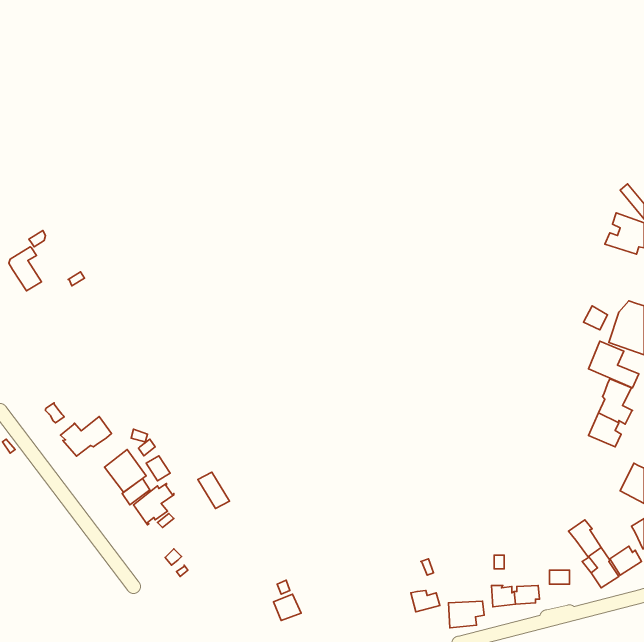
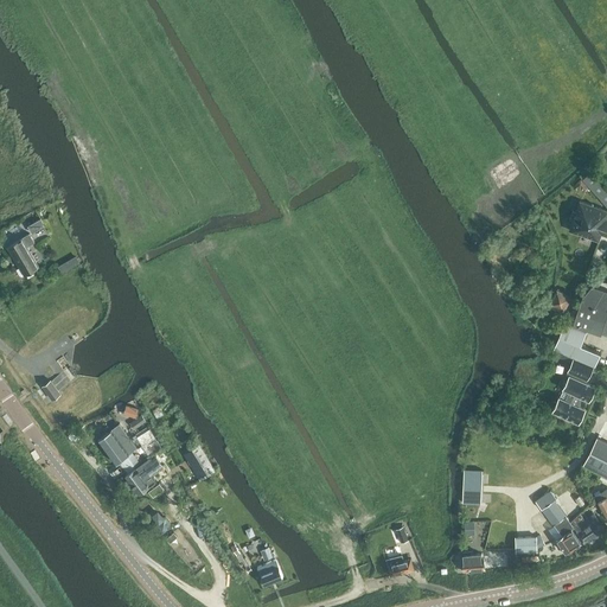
building: [61,416,111,456] -> none
building: none -> [462,469,483,504]
building: [448,601,484,628] -> none

